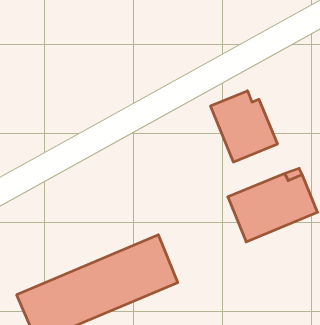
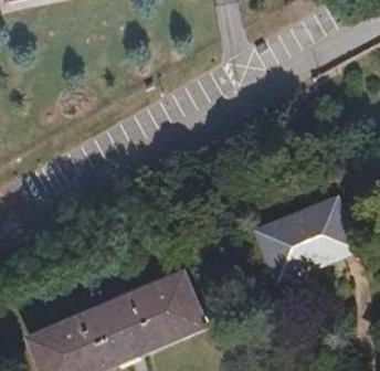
building: [211,91,277,162] -> none

